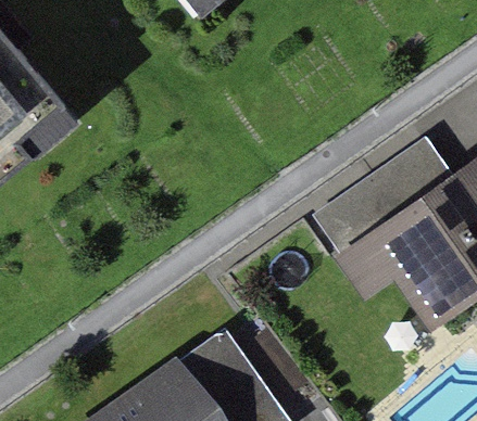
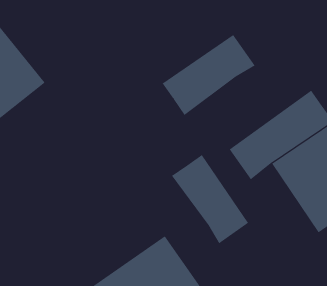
building: none -> [162,34,255,116]
building: none -> [171,154,249,244]

